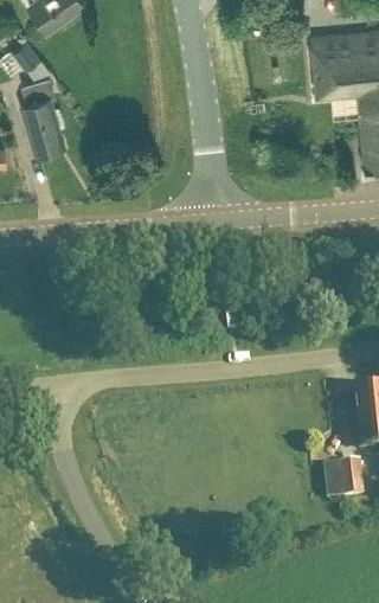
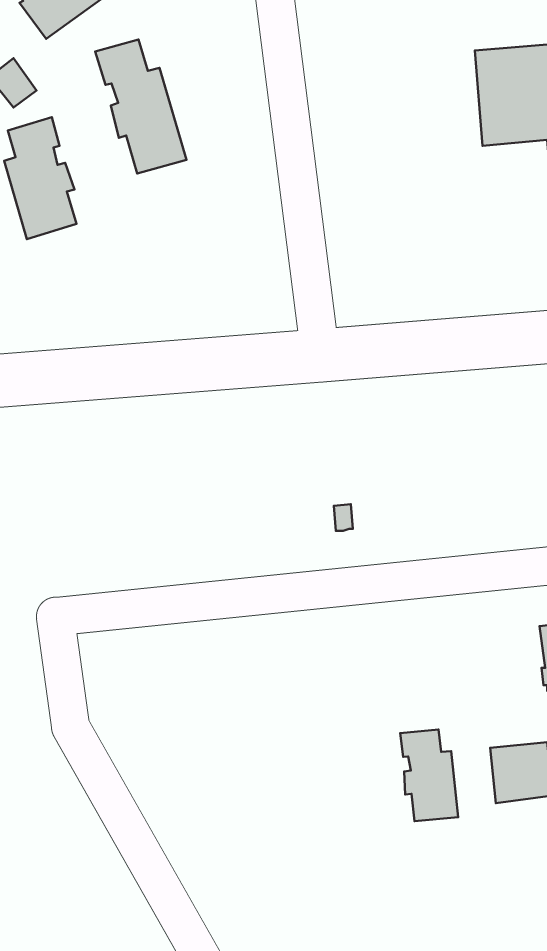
building: none -> [95,40,186,174]
building: none -> [400,729,458,821]

